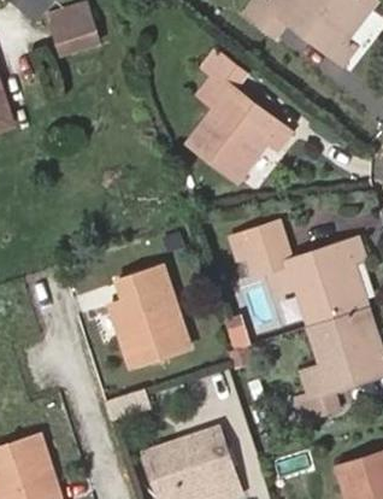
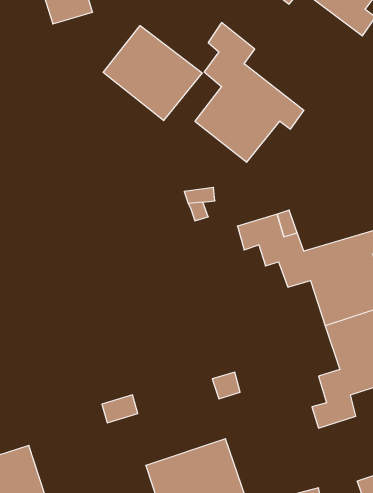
building: none -> [103,26,202,121]
building: [112,263,189,364] -> none

